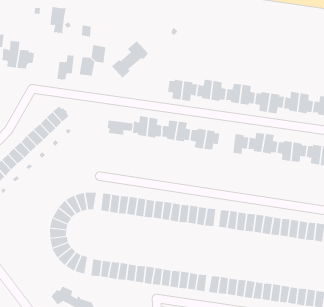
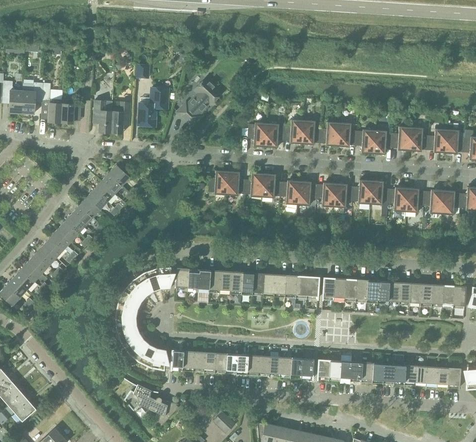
building: [50,6,66,35] -> [94,99,113,133]
building: [107,120,133,135] -> none
building: none -> [316,182,335,206]

